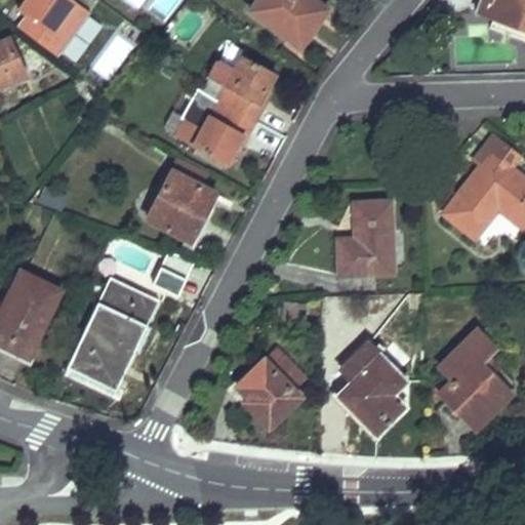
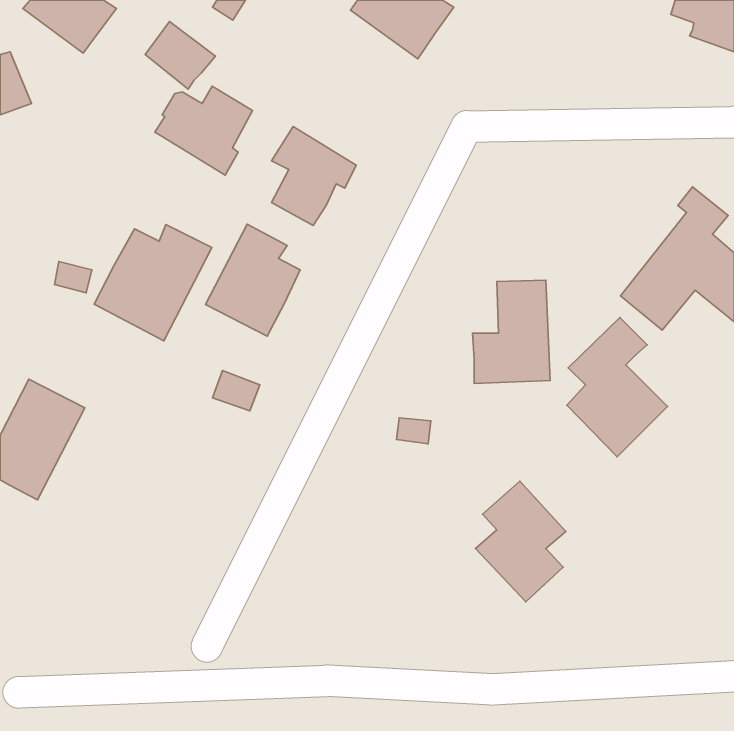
building: [204,56,274,120] -> [155,86,253,175]
building: none -> [94,225,212,341]
building: [67,278,158,391] -> none
building: [438,330,510,430] -> [567,317,667,457]
building: [235,357,305,427] -> none

